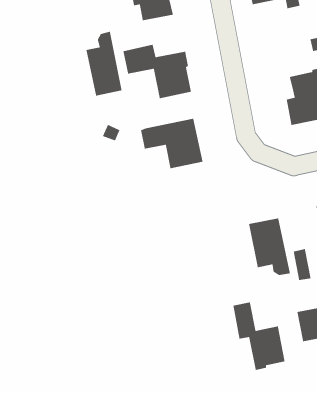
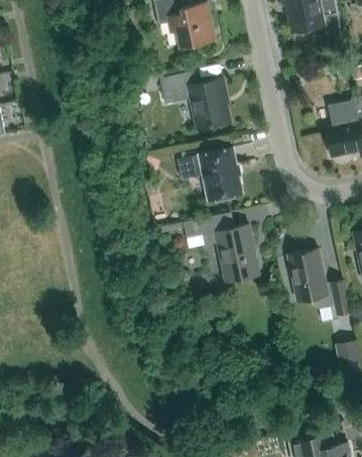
building: [86,31,123,97] -> none
building: none -> [184,216,261,280]
building: [232,302,285,371] -> none

